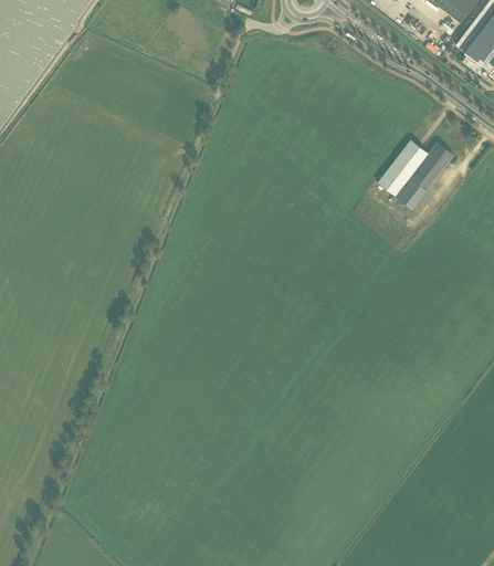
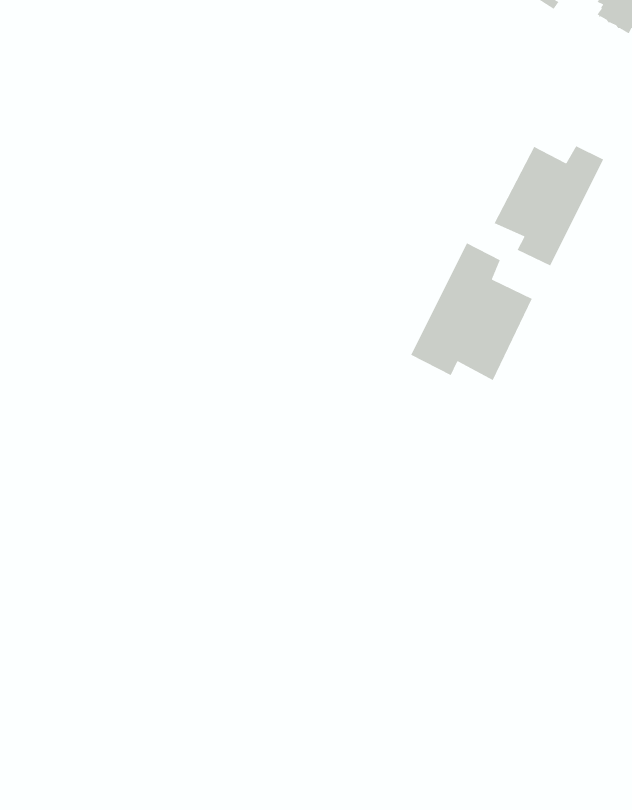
building: none -> [410,242,533,381]

